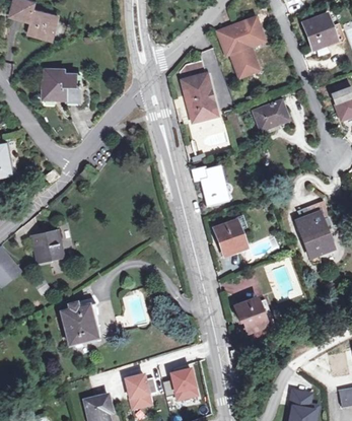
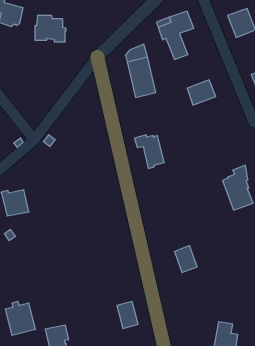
building: [44,69,81,100] -> [35,16,66,42]
building: [216,221,247,255] -> none
building: [61,303,97,344] -> [5,301,36,335]
building: [124,372,155,409] -> none

